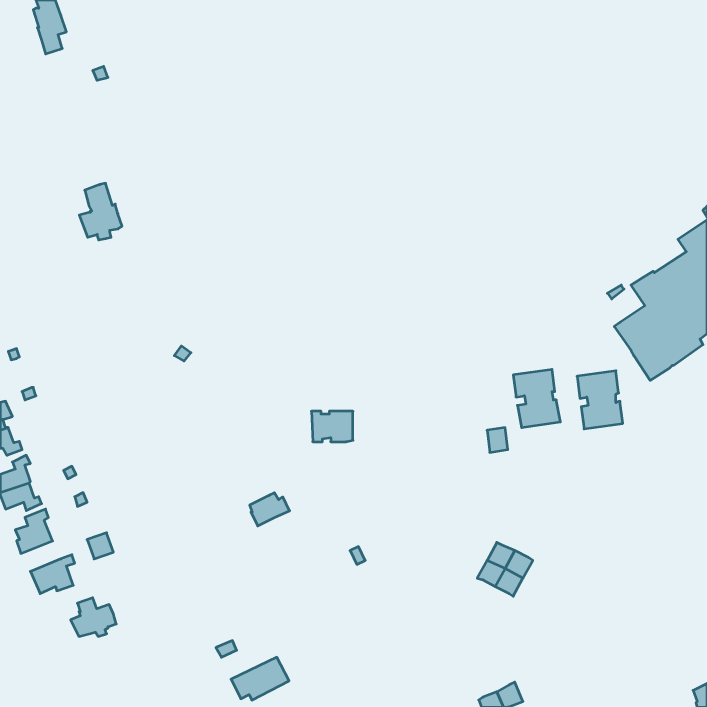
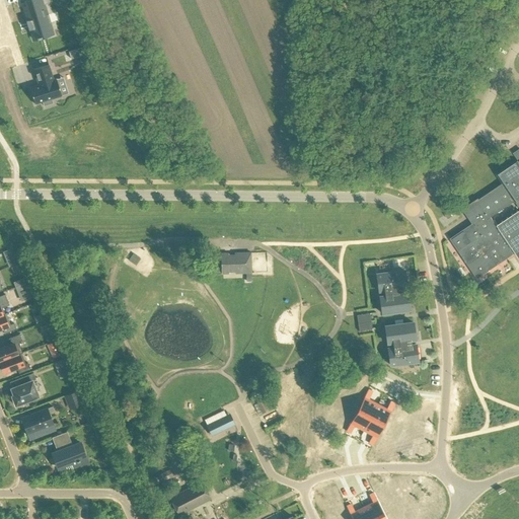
building: [79,183,122,240] -> [29,64,61,105]
building: [577,371,623,429] -> [385,322,419,365]
building: [311,411,353,442] -> [221,252,251,275]
building: [250,493,290,526] -> [205,412,234,436]

